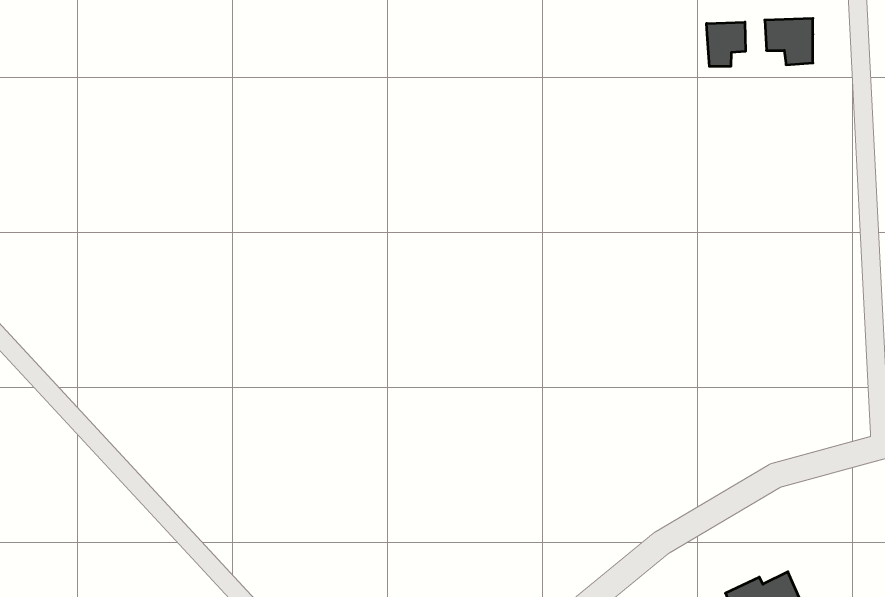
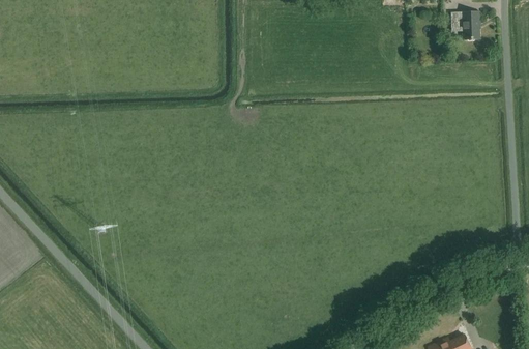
building: [707,22,745,66] -> none

